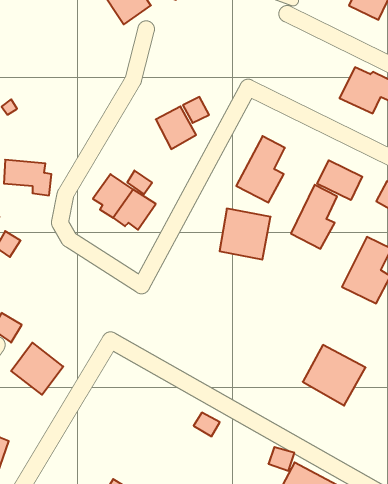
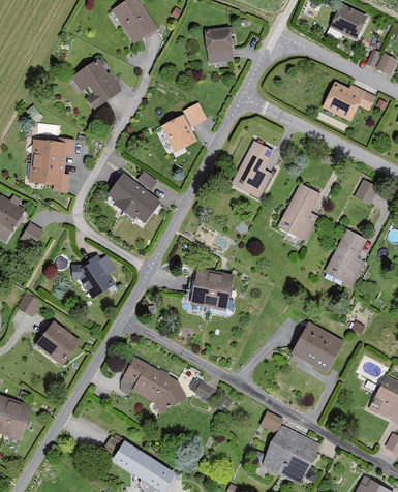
building: none -> [206,28,234,64]
building: none -> [71,58,122,110]
building: none -> [30,136,74,164]
building: [317,160,362,200] -> none
building: [220,209,271,260] -> [190,267,235,311]
building: none -> [71,254,116,299]
building: none -> [121,355,187,413]

